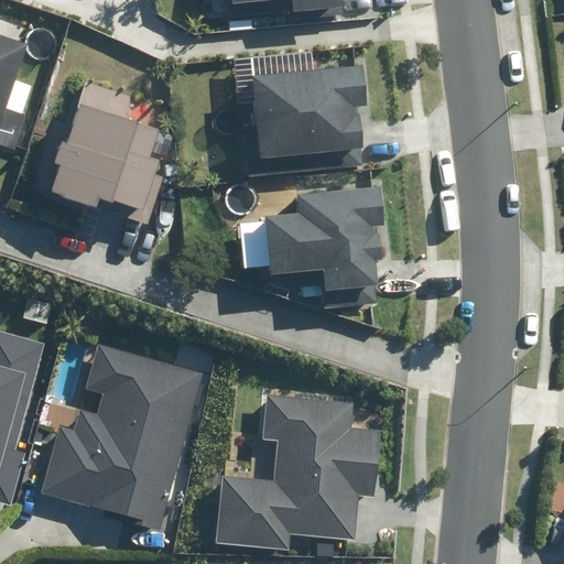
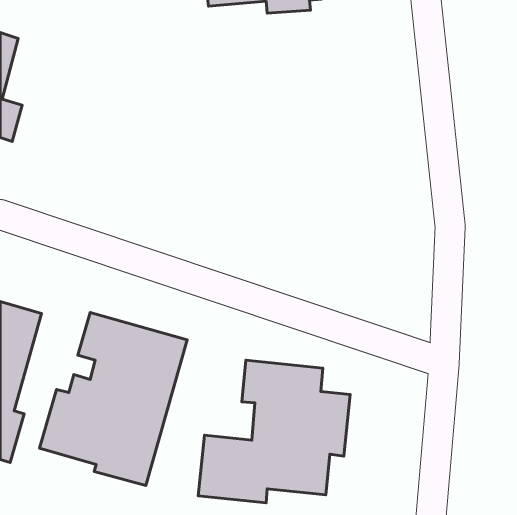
building: [250,68,364,159] -> none
building: [48,104,165,223] -> none
building: [263,188,380,293] -> none

